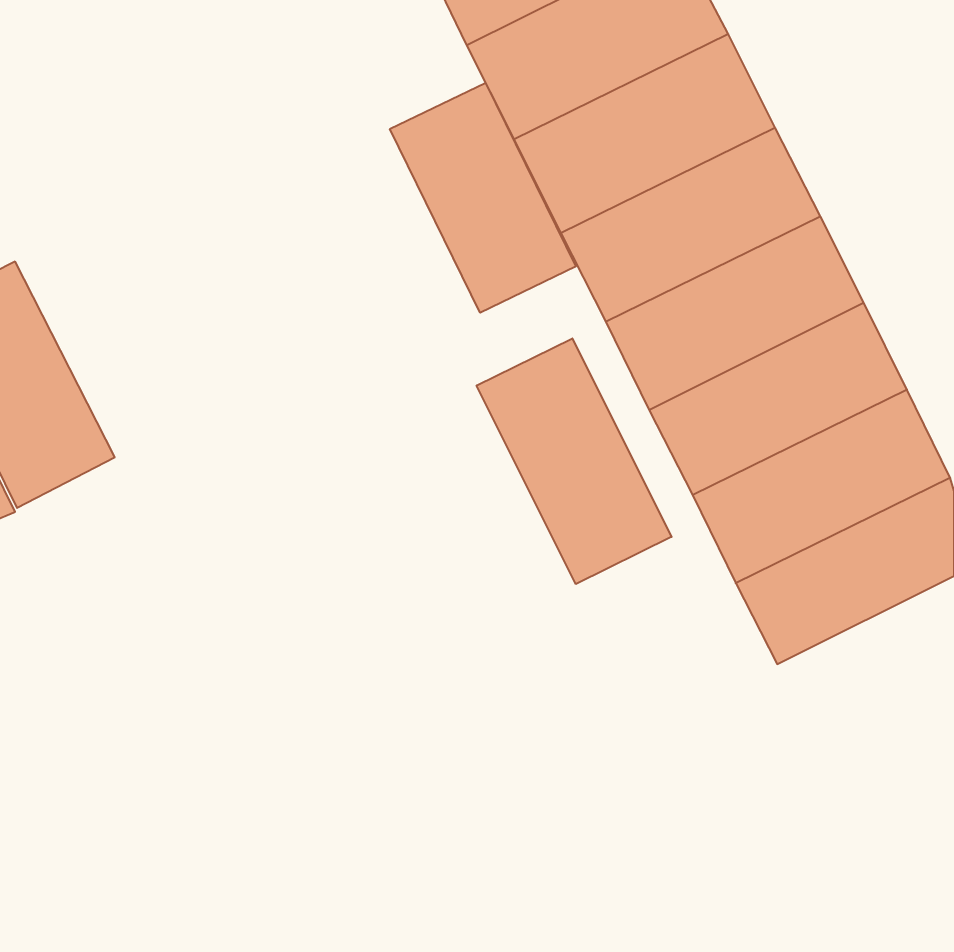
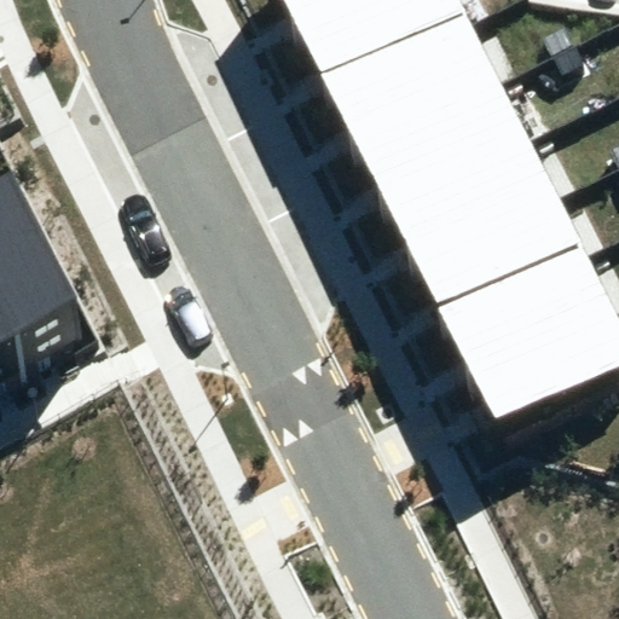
building: [390,83,576,313] -> none
building: [477,338,672,584] -> none

